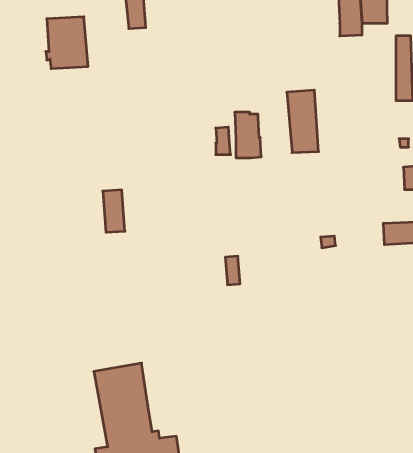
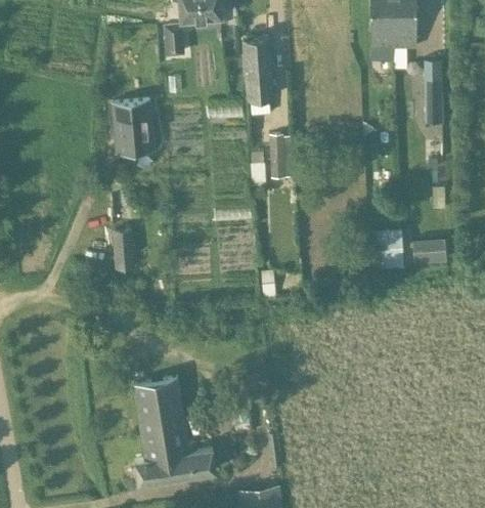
building: [46,17,88,69] -> [112,101,152,152]
building: [287,90,319,153] -> [243,38,273,98]
building: [103,190,125,232] -> [112,231,133,272]
building: none -> [373,227,404,266]

